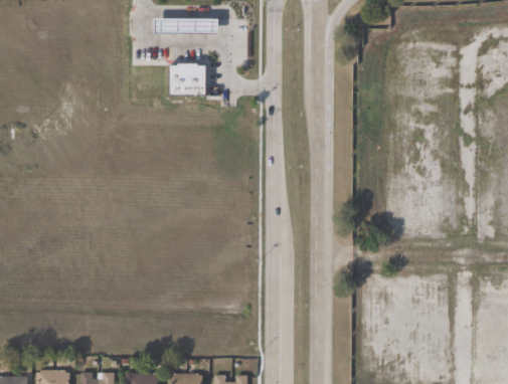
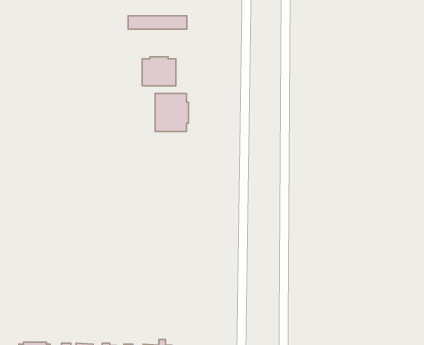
building: none -> [155,94,189,131]

